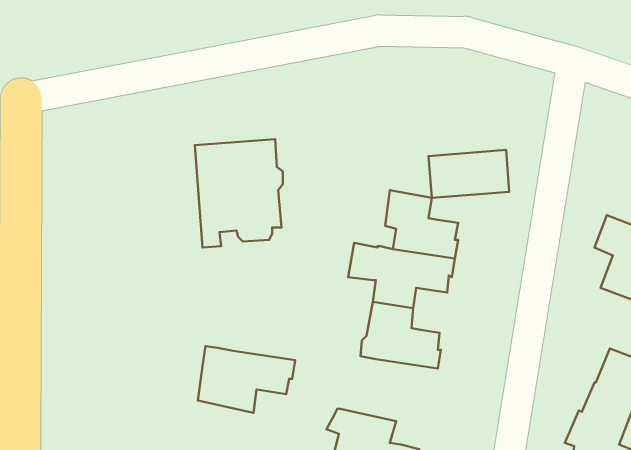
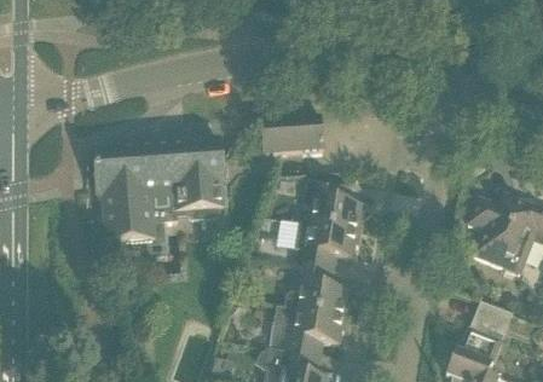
building: none -> [93,144,162,243]
building: [429,150,509,198] -> [260,116,323,154]
building: [198,346,295,413] -> [270,307,346,359]

